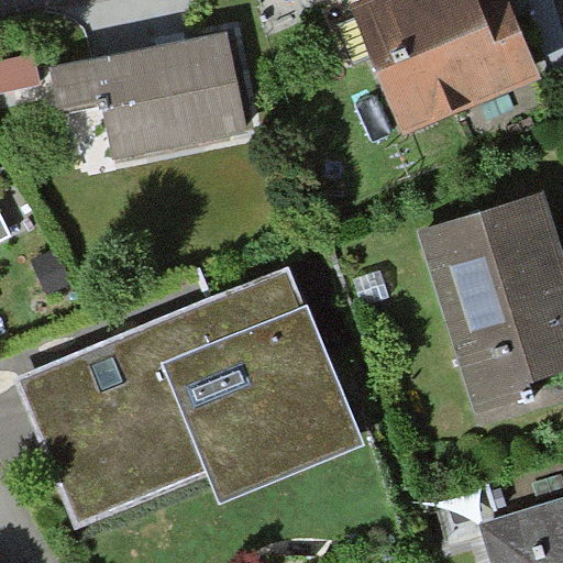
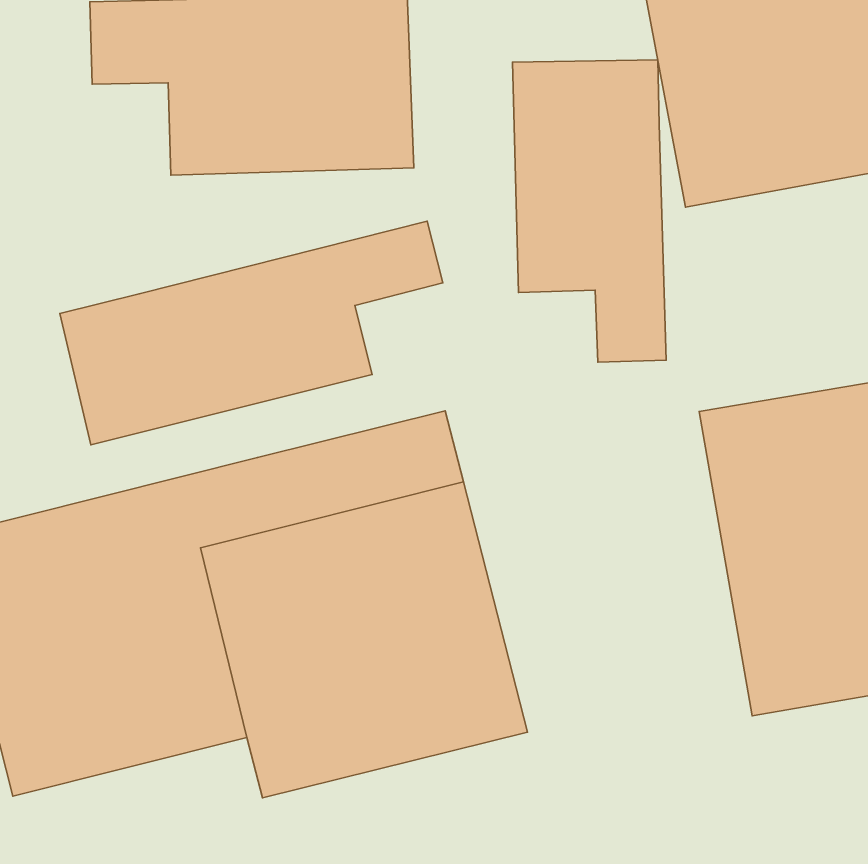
building: none -> [512,60,666,362]
building: none -> [60,221,443,445]

